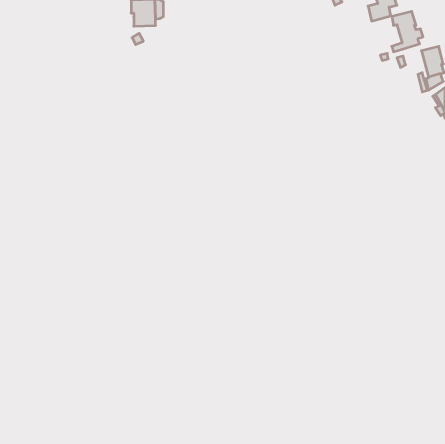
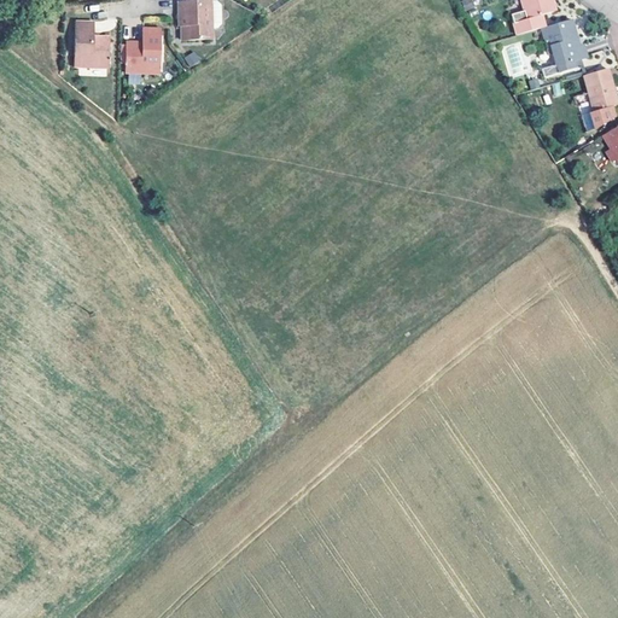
building: none -> [75,22,111,70]
building: none -> [128,29,163,75]

